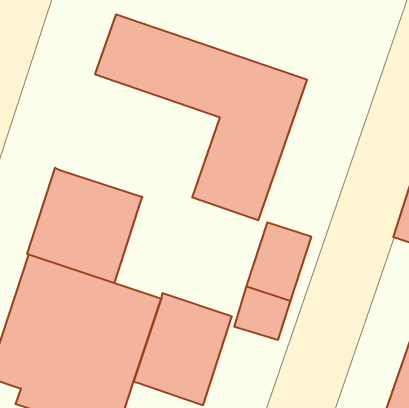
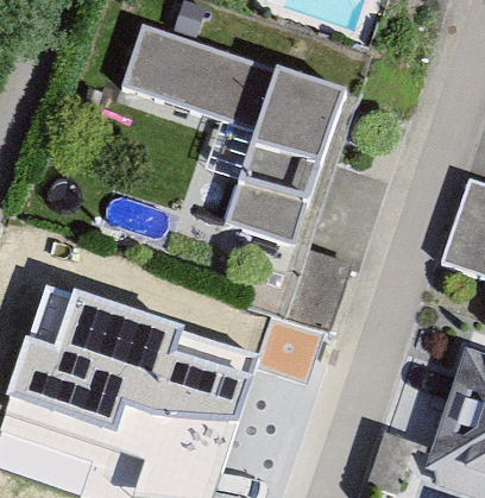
building: [27,168,142,283] -> none

